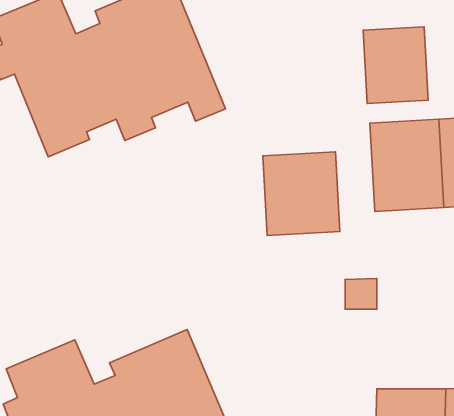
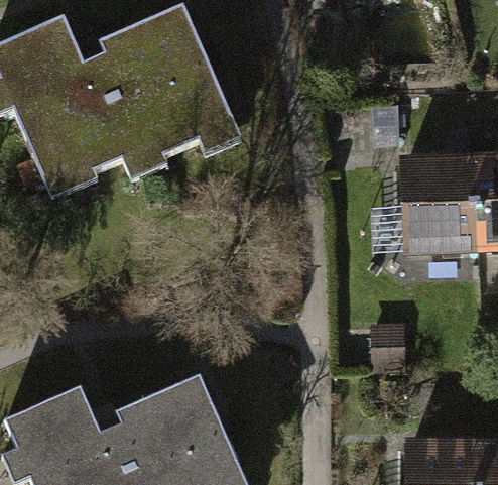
building: [363,27,428,103] -> none
building: [263,152,340,235] -> none

